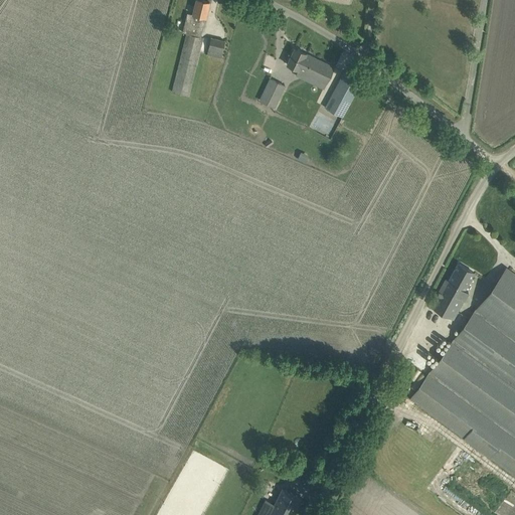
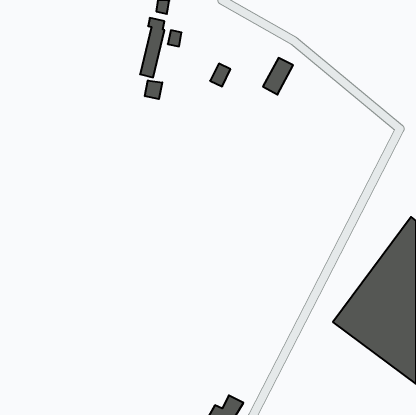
building: [287,49,334,84] -> none
building: none -> [145,80,162,99]
building: [431,265,474,321] -> none

